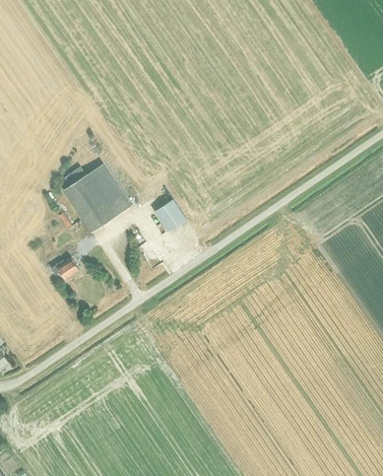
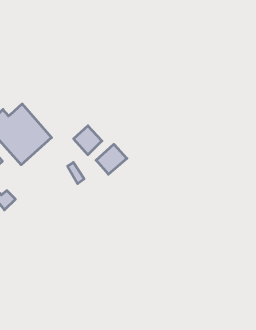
building: none -> [96,144,127,174]

